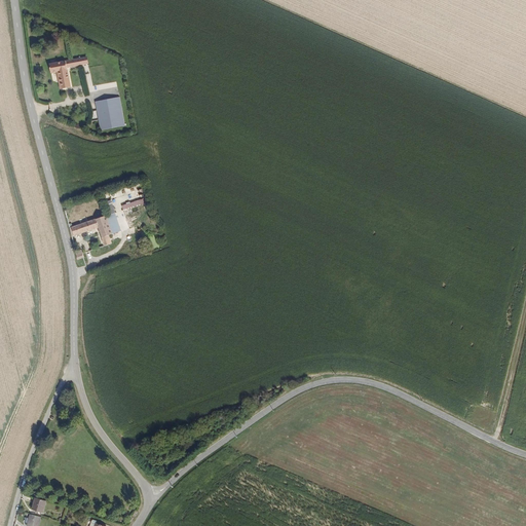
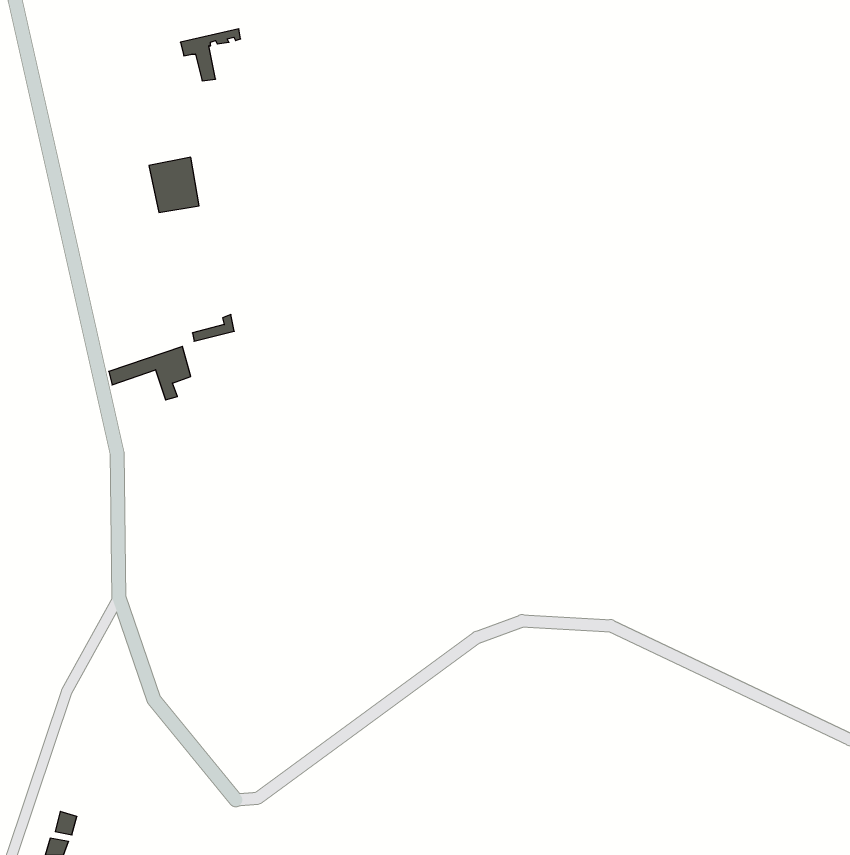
building: [49,58,86,89] -> [180,29,241,81]

